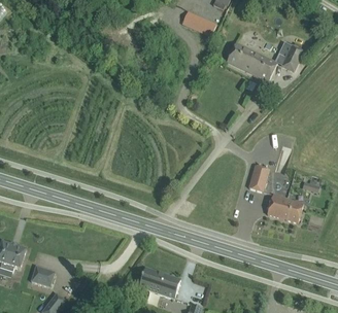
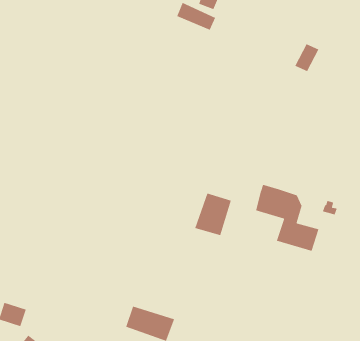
building: [227,42,276,80] -> none
building: none -> [194,192,232,236]

